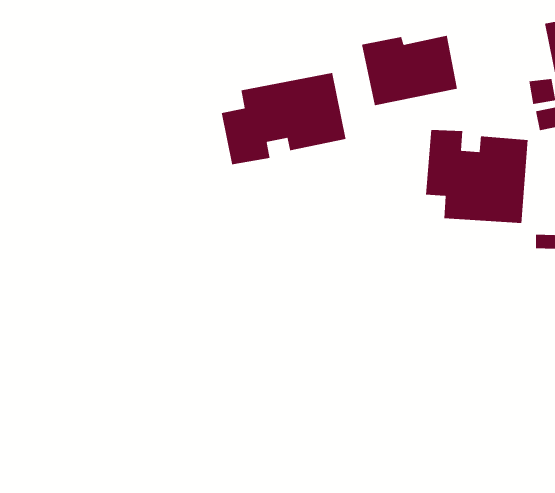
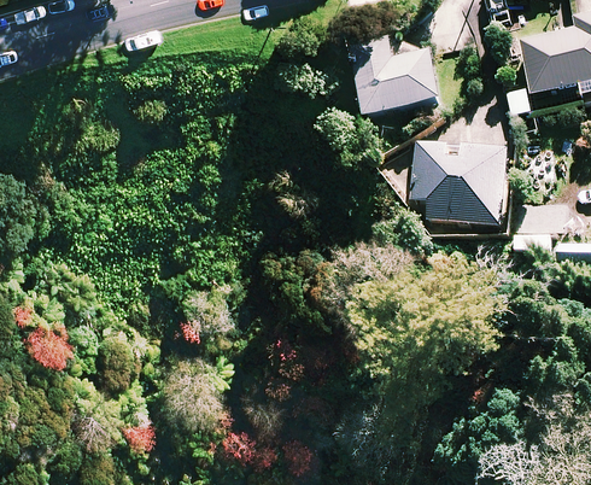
building: [221,72,346,165] -> none

